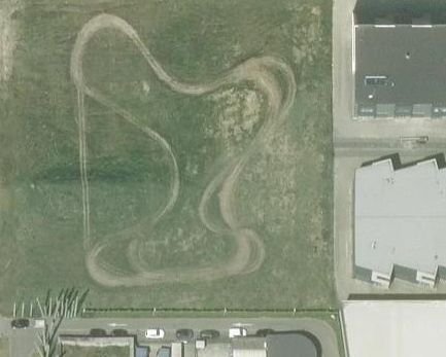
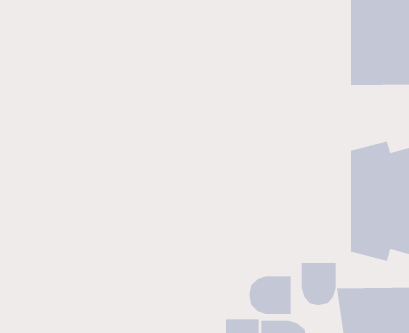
building: none -> [301,262,336,306]
building: none -> [249,275,291,315]

